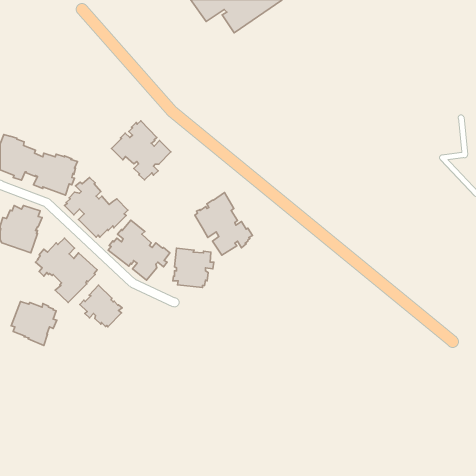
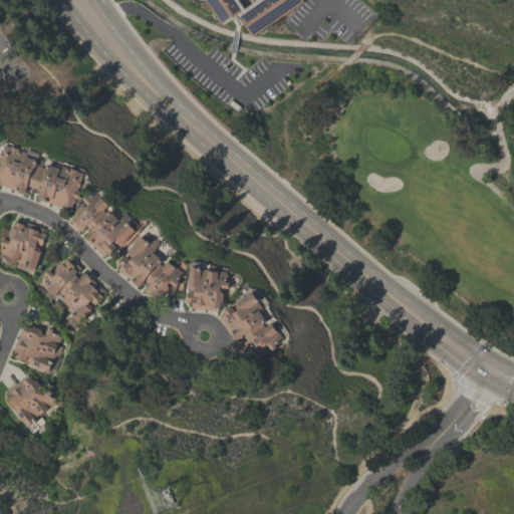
building: [111,121,171,180] -> none
building: [195,193,253,255] -> [221,291,283,358]
building: [80,285,122,327] -> none
building: none -> [5,373,56,431]

